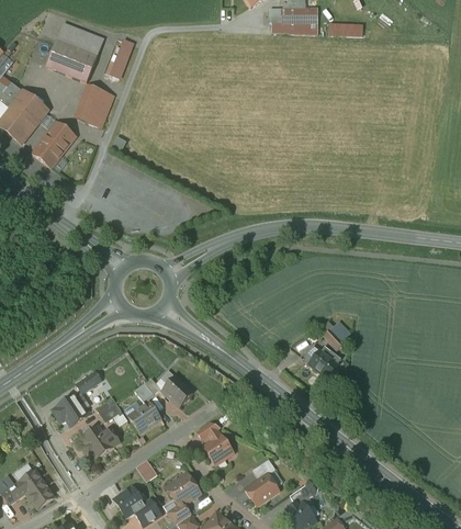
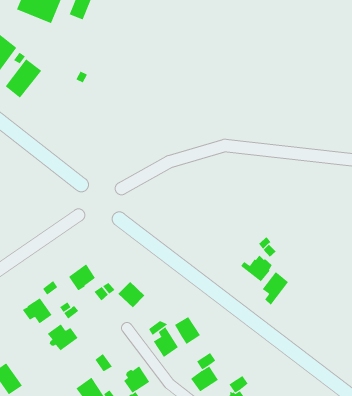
building: [80,87,114,128] -> none
building: none -> [262,271,289,305]
building: [128,402,160,434] -> [68,263,96,291]
building: none -> [174,316,201,345]

